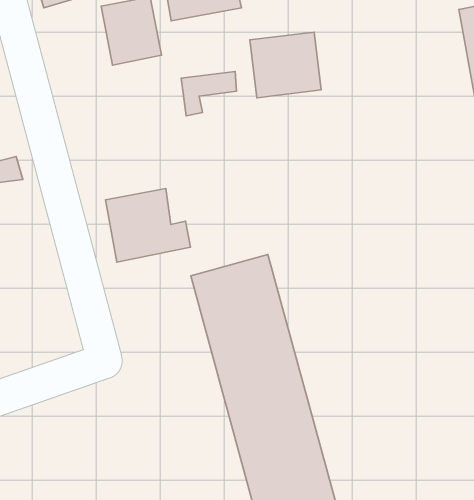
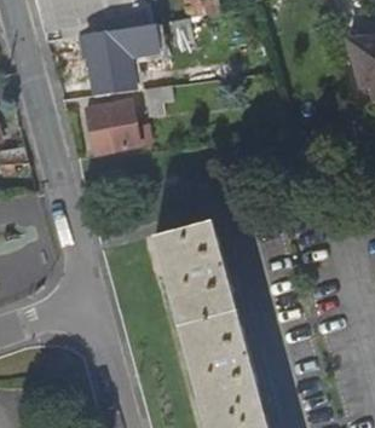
building: [250,32,321,98] -> none
building: [106,188,190,262] -> [88,98,151,152]

